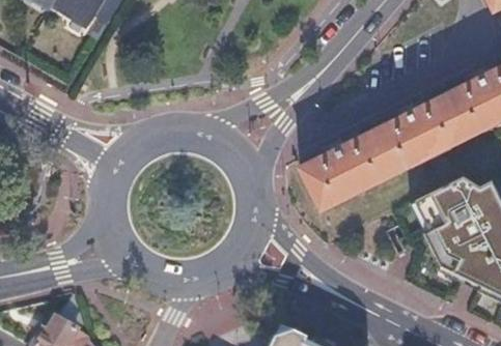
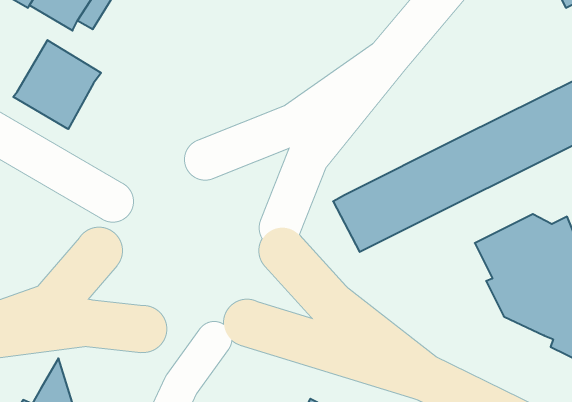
building: none -> [13,40,101,129]

